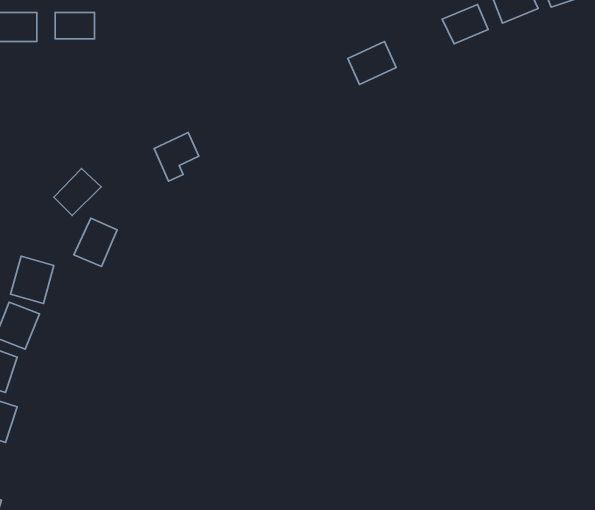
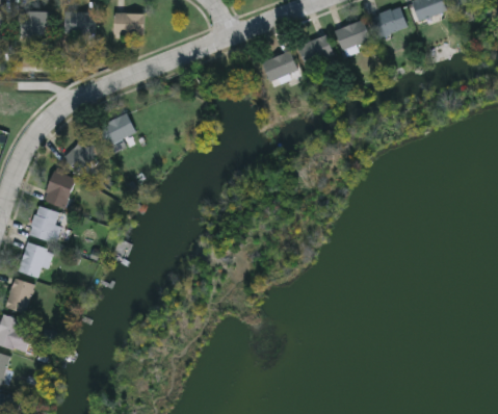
building: none -> [114,14,145,35]
building: none -> [335,20,371,51]
building: none -> [262,51,298,83]
building: [154,133,199,181] -> [101,113,136,152]
building: [74,218,117,267] -> [43,171,77,209]

